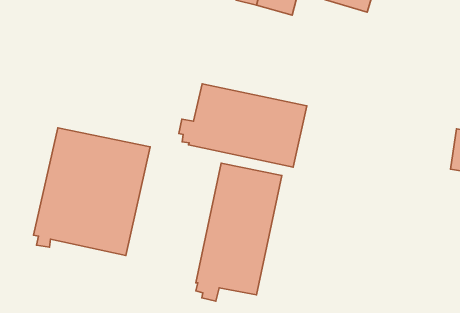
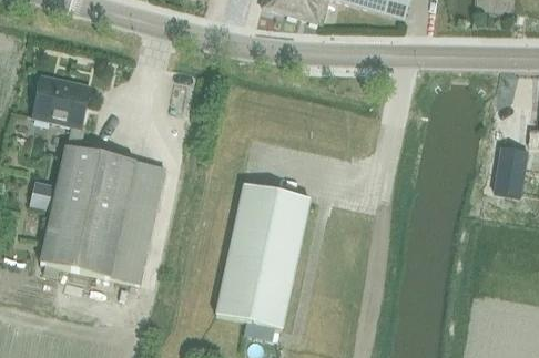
building: none -> [32,74,88,124]
building: [179,84,307,167] -> none

